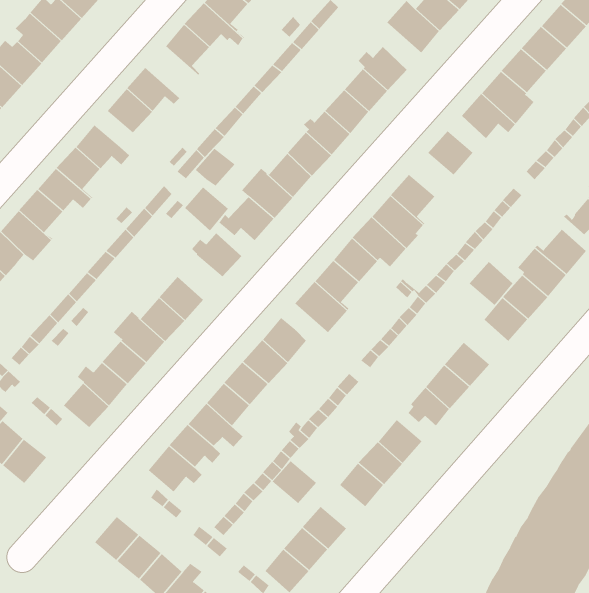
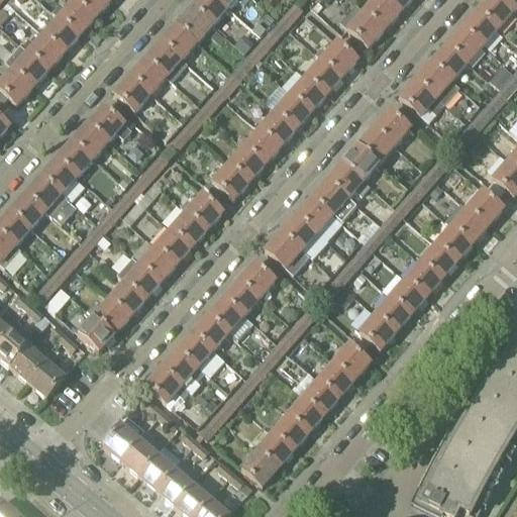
building: none -> [144,39,188,82]
building: [195,148,235,187] -> none
building: none -> [358,126,395,162]
building: [184,187,229,231] -> [171,209,207,245]
building: [469,261,514,306] -> [403,262,439,298]
building: [272,460,317,504] -> [287,396,323,431]

